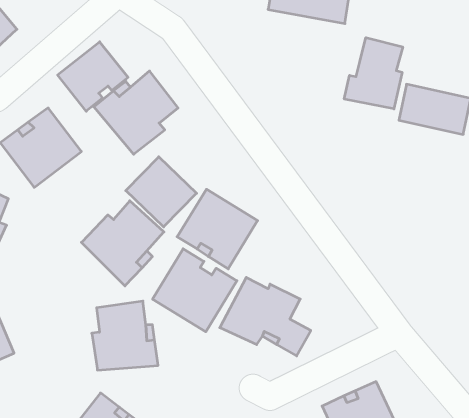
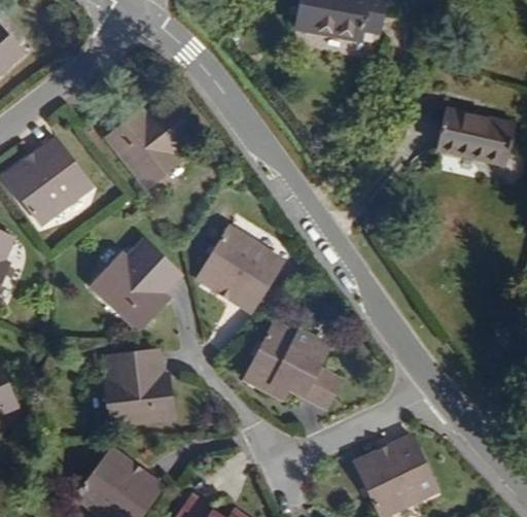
building: [344,38,403,109] -> none
building: [58,42,128,111] -> none
building: [126,157,197,227] -> none
building: [153,249,237,332] -> none

